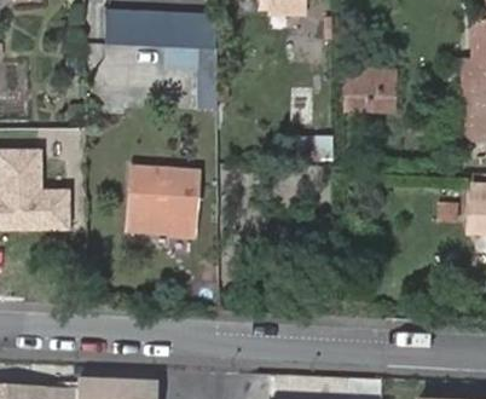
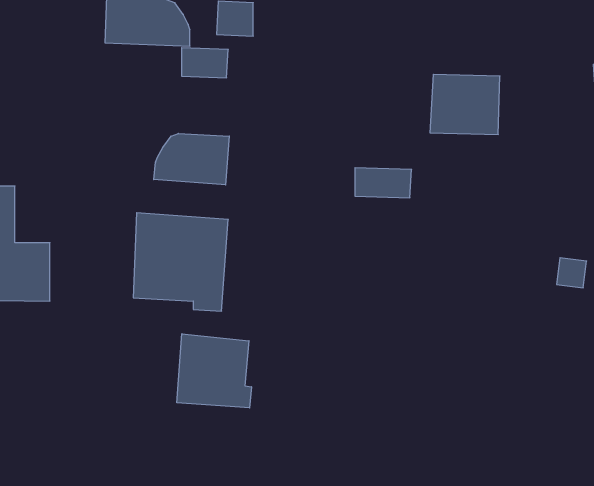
building: none -> [154,133,229,185]
building: none -> [177,334,251,408]

